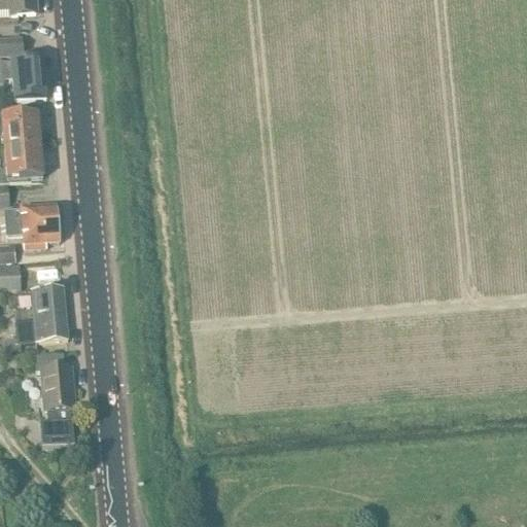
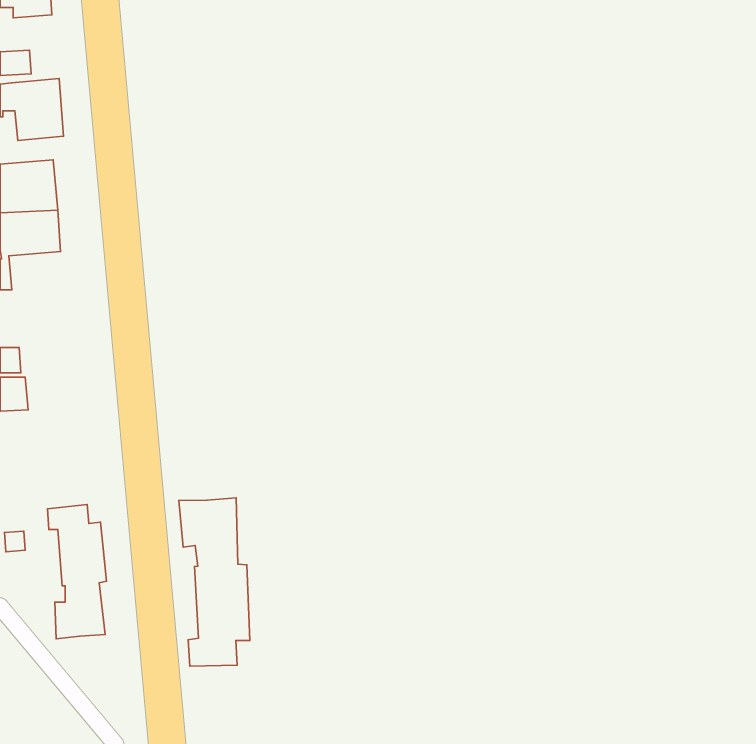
building: [17,202,58,248] -> none
building: [33,286,69,341] -> none
building: none -> [179,498,250,666]

